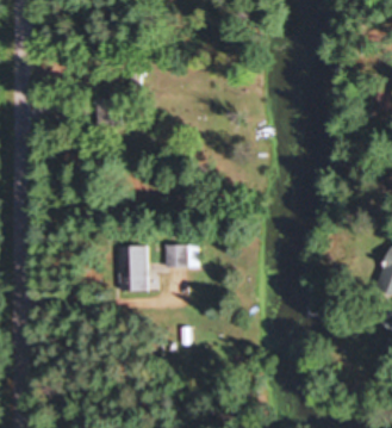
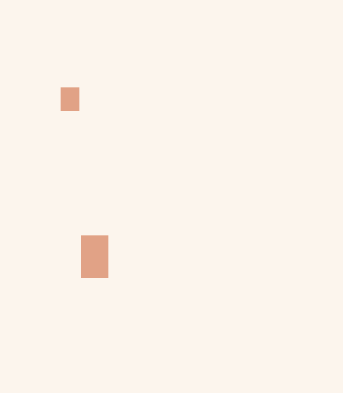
building: [164,246,195,266] -> none

